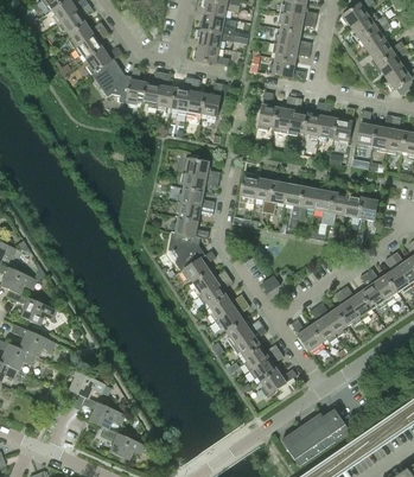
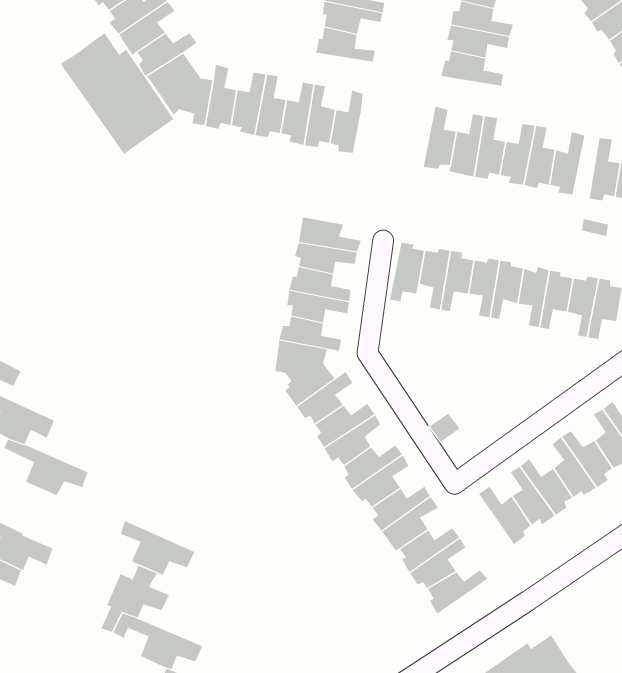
building: none -> [60,32,174,155]
building: [11,324,56,357] -> [120,520,195,576]

